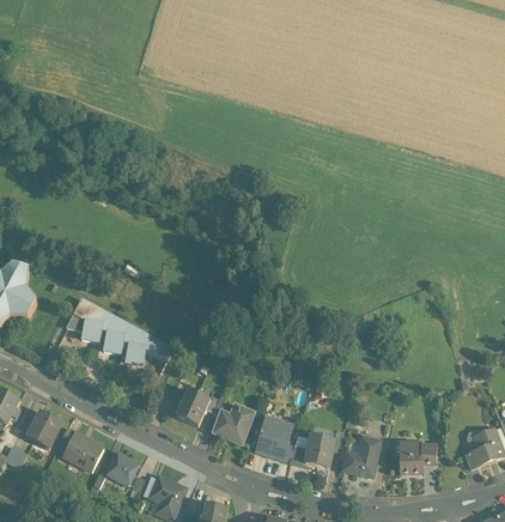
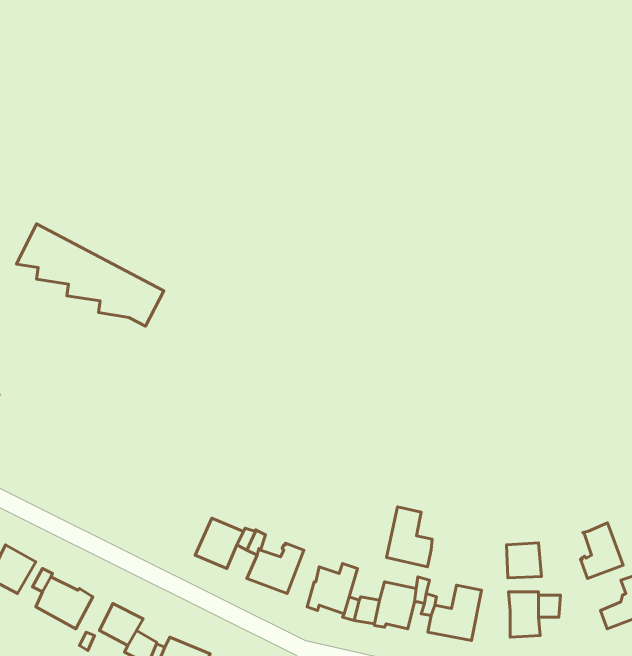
building: [67,298,172,371] -> [16,224,164,326]
building: none -> [387,507,432,567]
building: none -> [581,523,623,579]
building: none -> [507,543,541,578]

